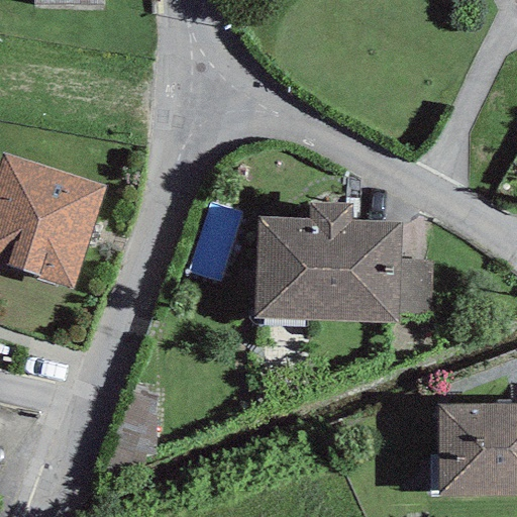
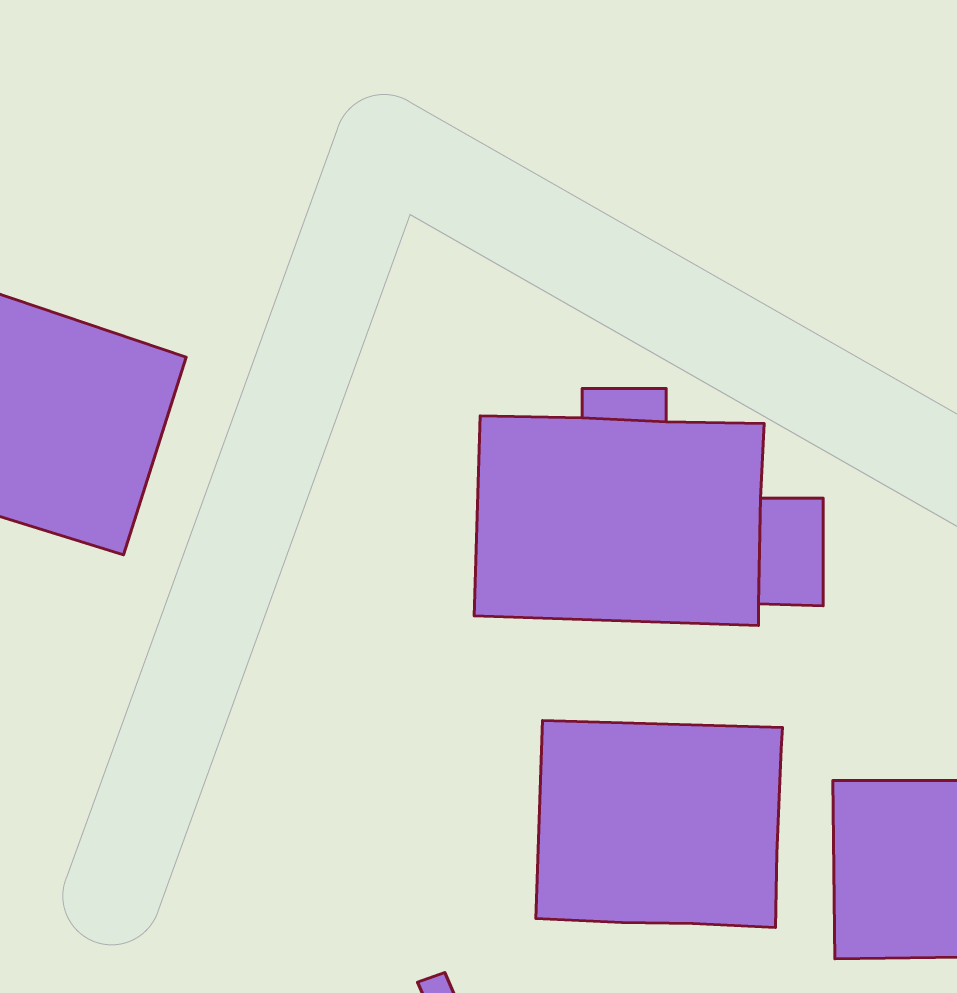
building: none -> [536,720,783,927]

